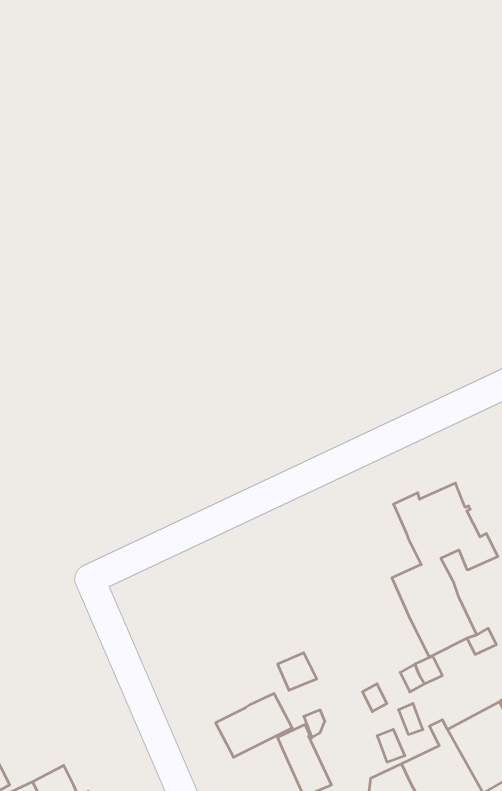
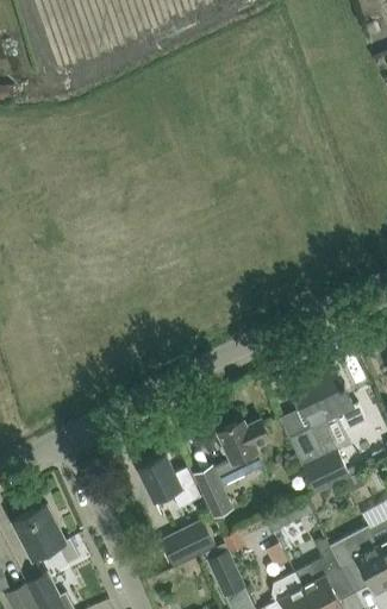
building: none -> [212,420,268,486]
building: none -> [137,457,199,509]
building: none -> [12,506,79,565]

